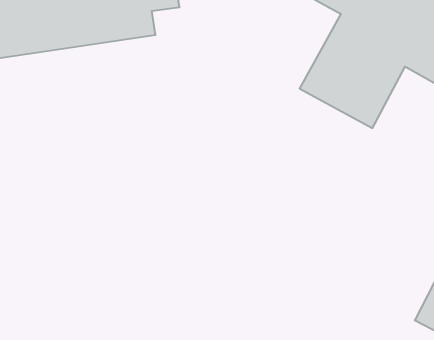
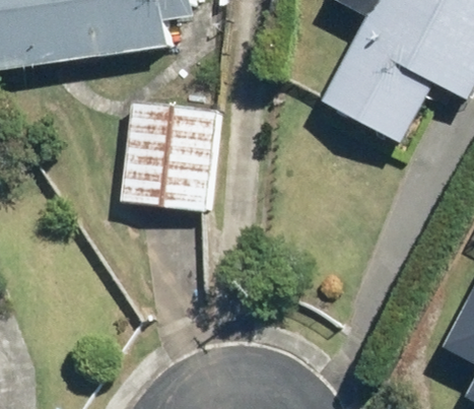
building: none -> [119,100,216,210]

